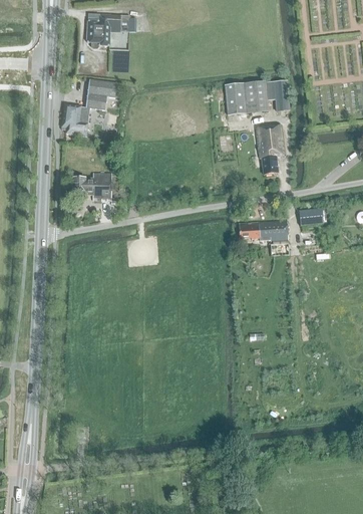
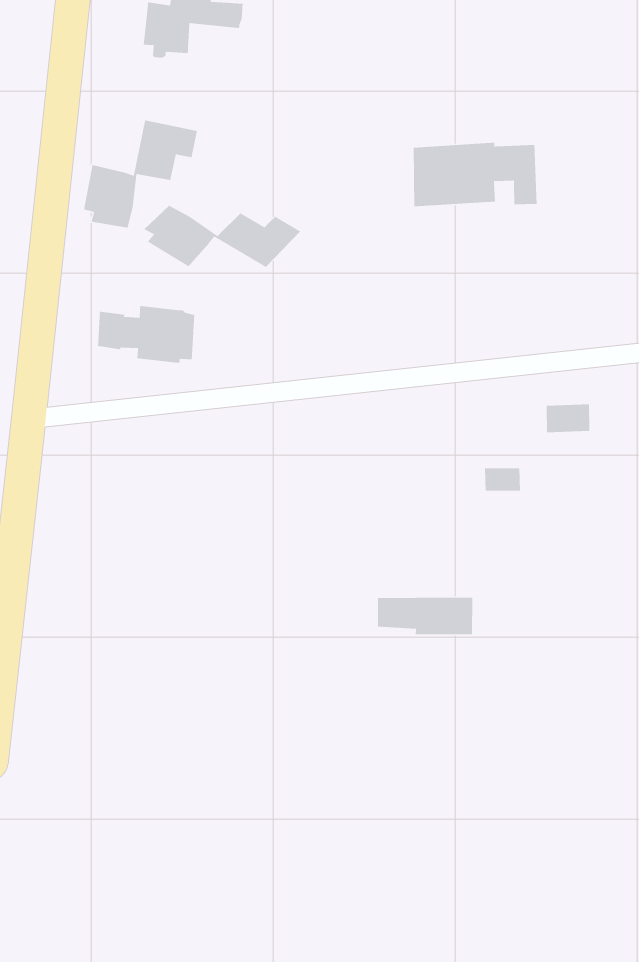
building: none -> [143,205,301,268]
building: [255,123,285,174] -> none
building: [239,219,288,240] -> [377,597,473,635]

